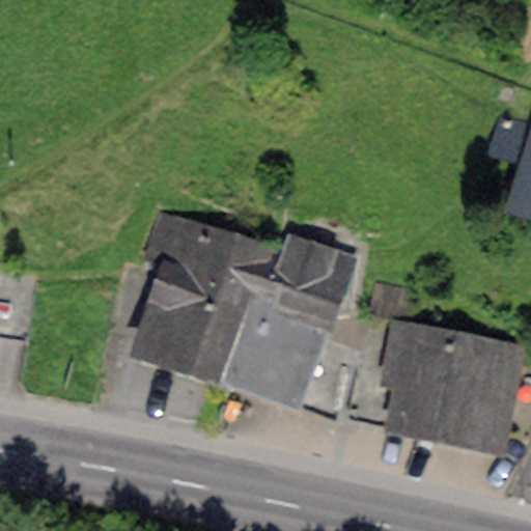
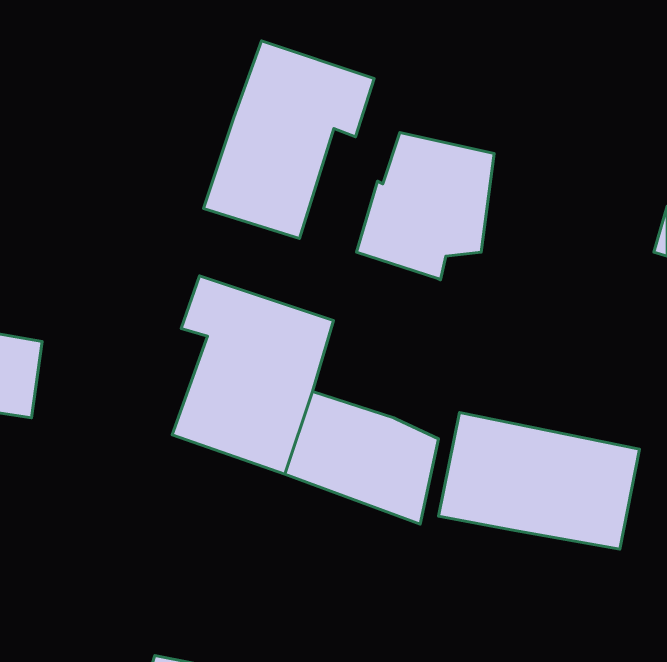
building: none -> [203,41,374,239]
building: [247,222,356,338] -> [356,133,494,280]

